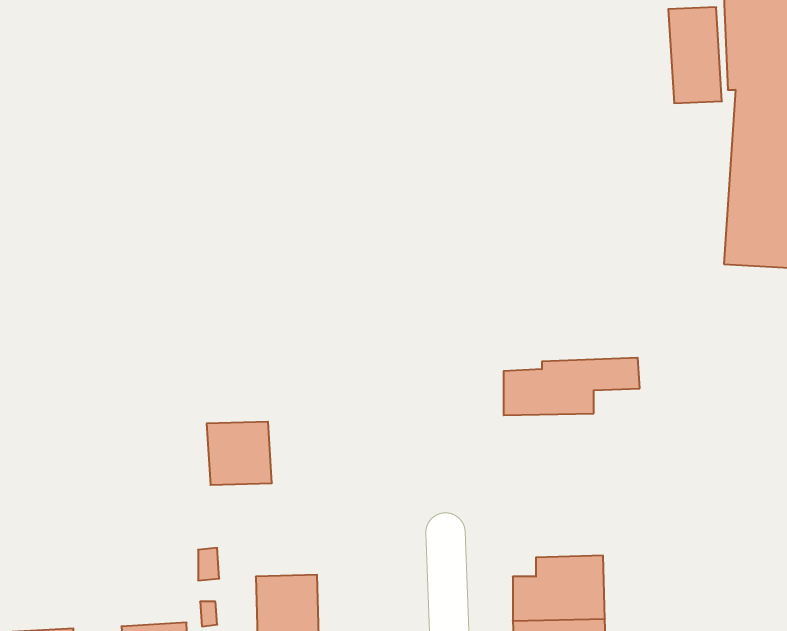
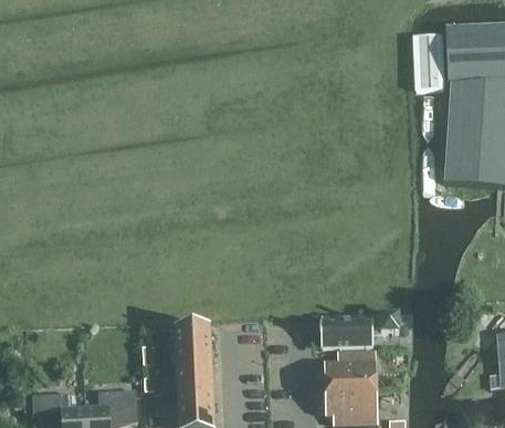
building: [504,358,640,415] -> [320,313,399,346]
building: [207,422,272,485] -> [173,325,211,362]

